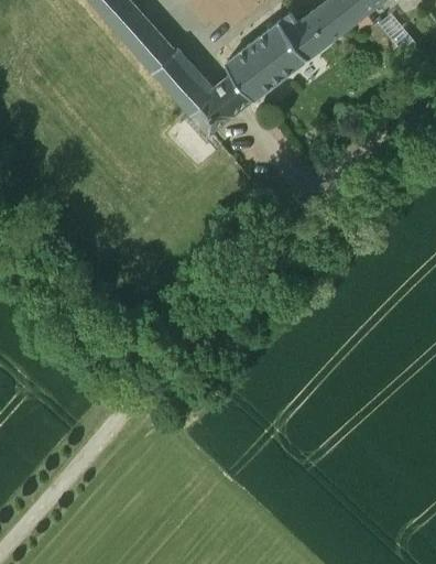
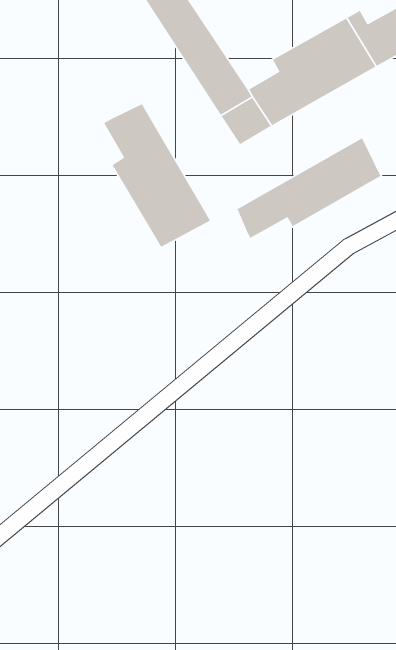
building: none -> [103,103,211,248]
building: none -> [236,137,381,239]

